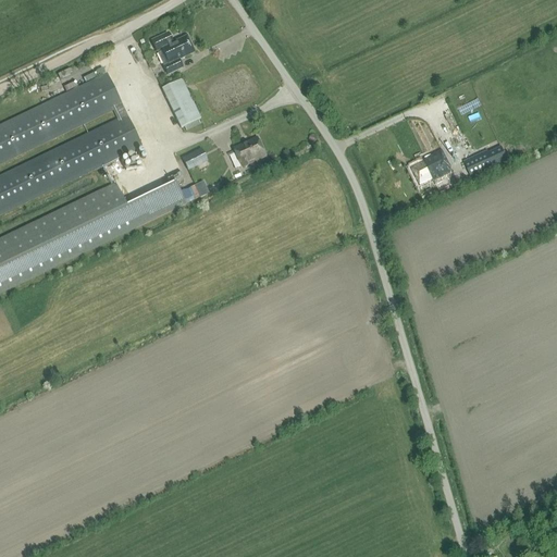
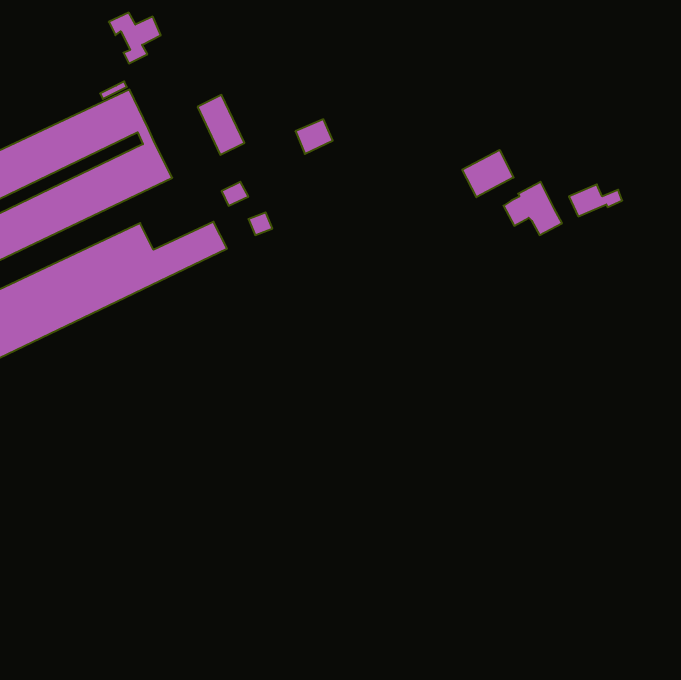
building: [150,32,193,73] -> [109,13,161,63]
building: none -> [462,150,514,197]
building: [234,137,264,165] -> [295,119,333,154]

